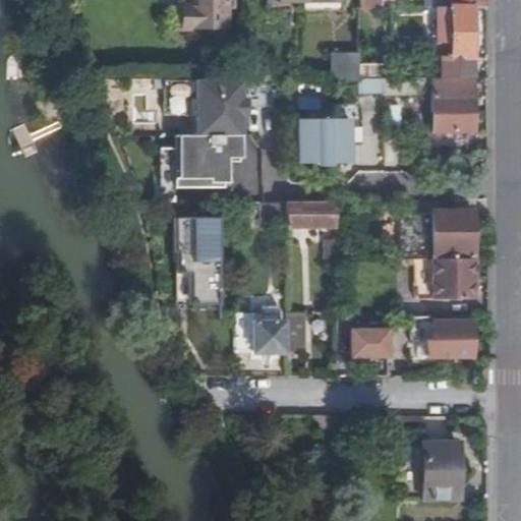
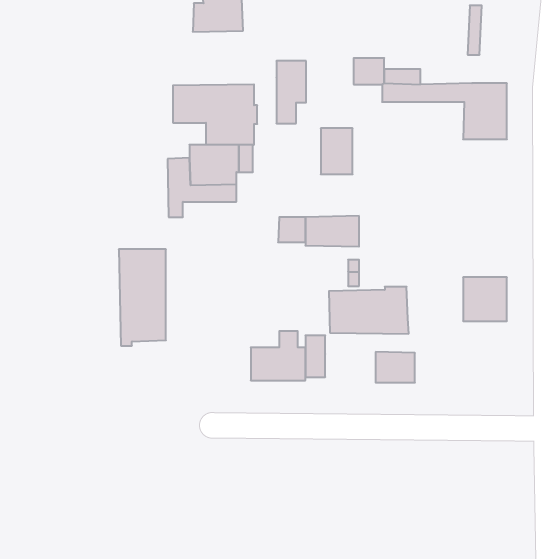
building: [444,5,476,77] -> none
building: [333,104,360,162] -> [276,61,306,123]
building: [402,211,476,254] -> [329,287,409,334]
building: [177,218,221,307] -> [119,249,166,346]
building: [428,322,475,356] -> none
building: [424,444,461,498] -> none

